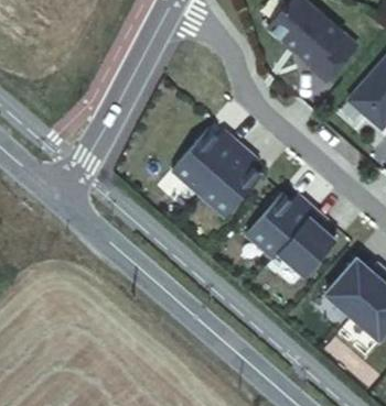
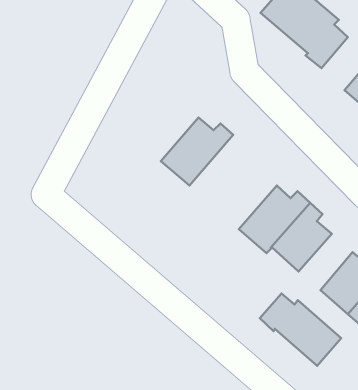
building: [201,144,264,216] -> none
building: none -> [260,294,341,366]

